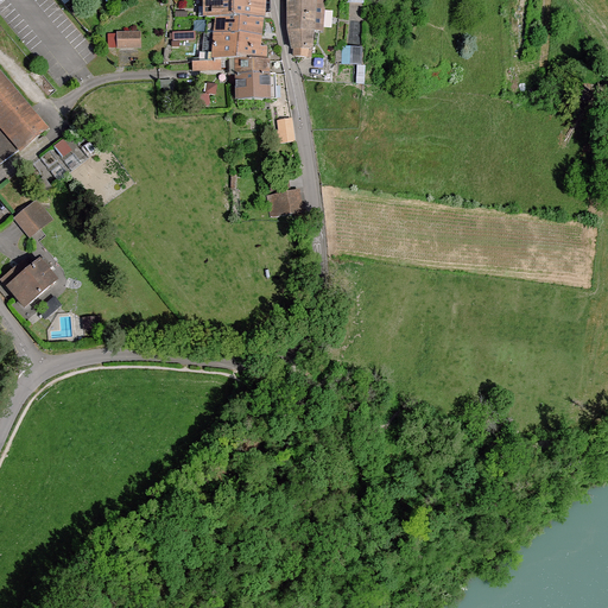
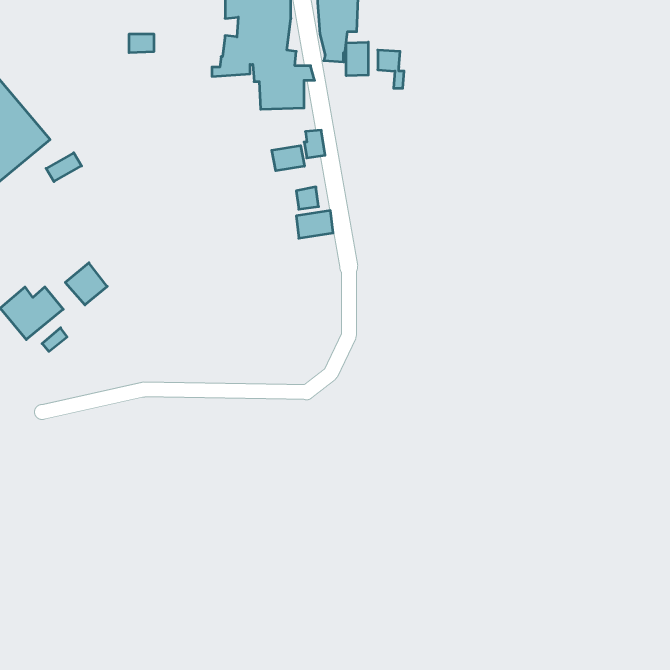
building: none -> [346,42,368,76]
building: none -> [272,146,304,171]
building: [15,198,53,236] -> [65,263,107,305]

